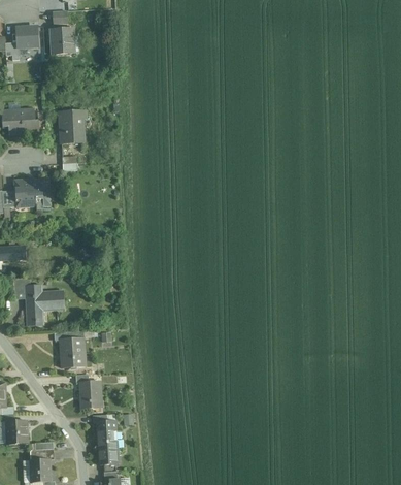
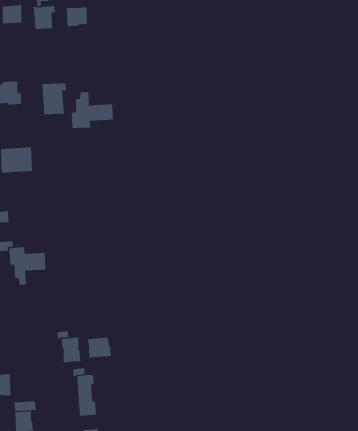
building: none -> [66,7,87,27]
building: none -> [71,92,113,129]
building: [60,337,85,368] -> none
building: none -> [88,337,112,358]

